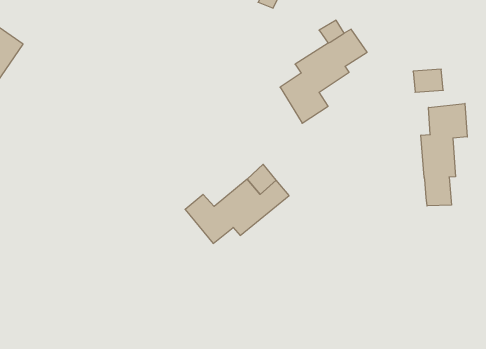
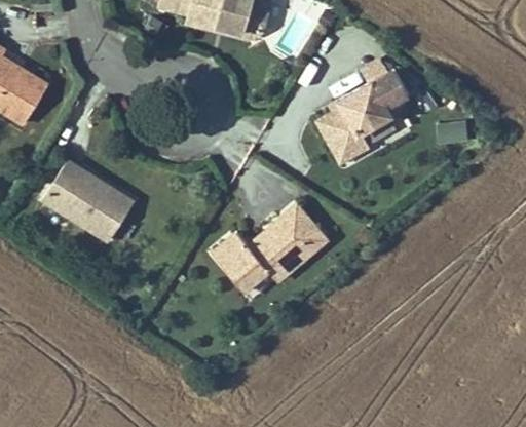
building: [421,103,467,206] -> none
building: none -> [39,161,133,247]

